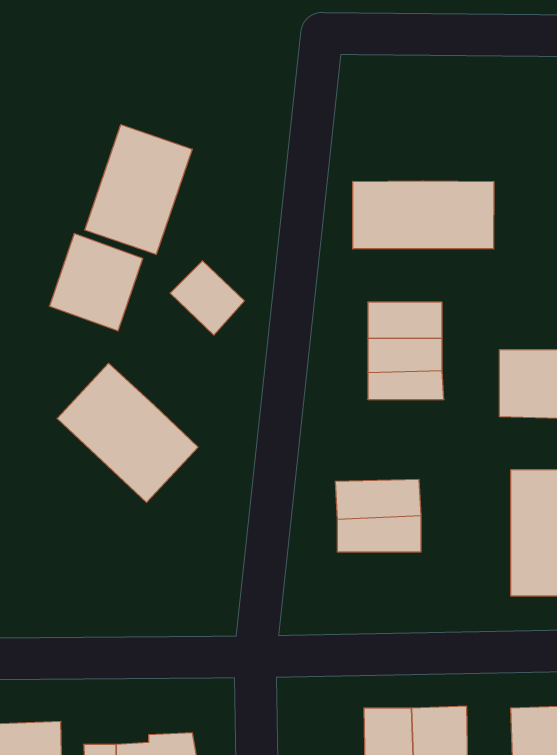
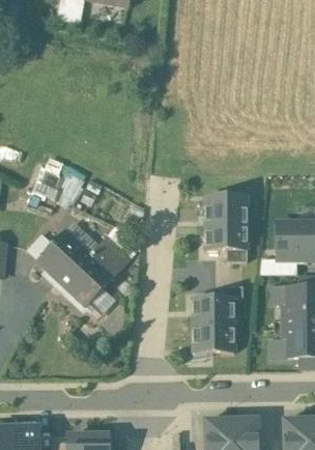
building: [85,125,192,255] -> none
building: [353,181,494,249] -> none
building: [170,261,244,335] -> [90,234,131,275]
building: none -> [190,332,235,350]

